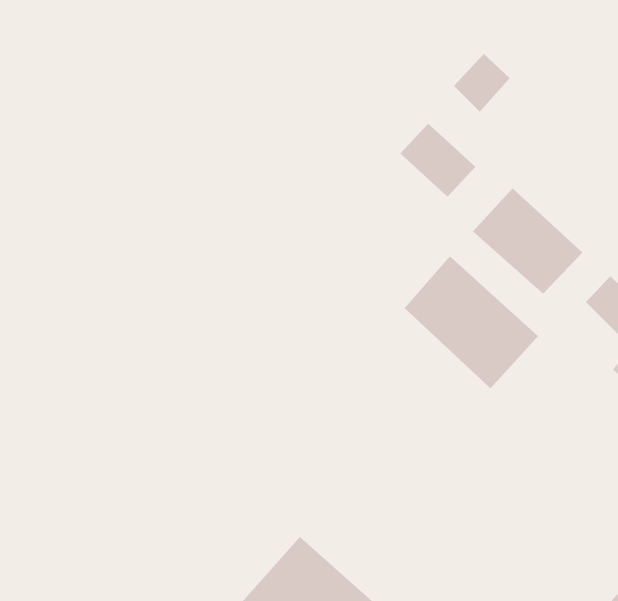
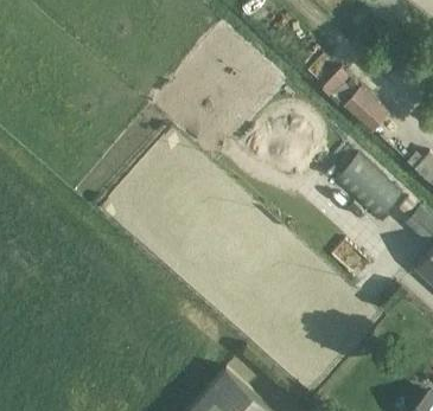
building: [399,123,476,198] -> [343,85,390,131]
building: [404,255,539,389] -> none

